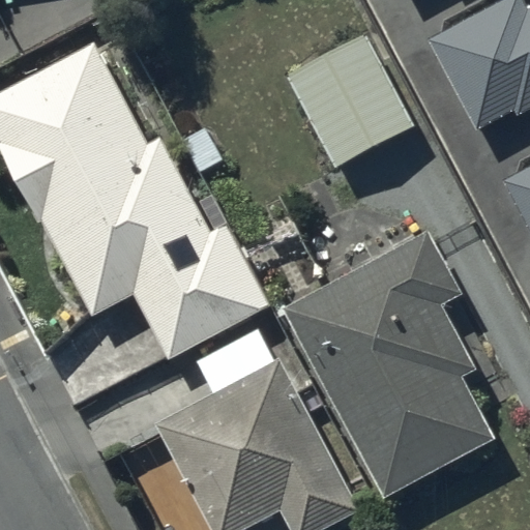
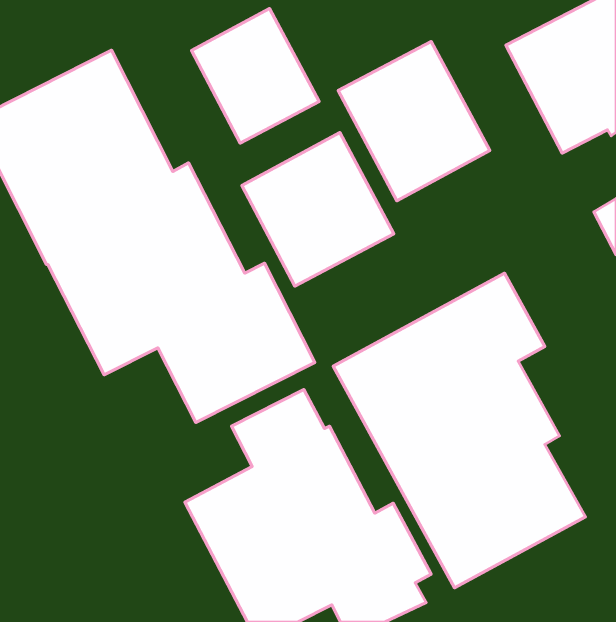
building: none -> [191,8,319,143]
building: none -> [242,133,394,286]

